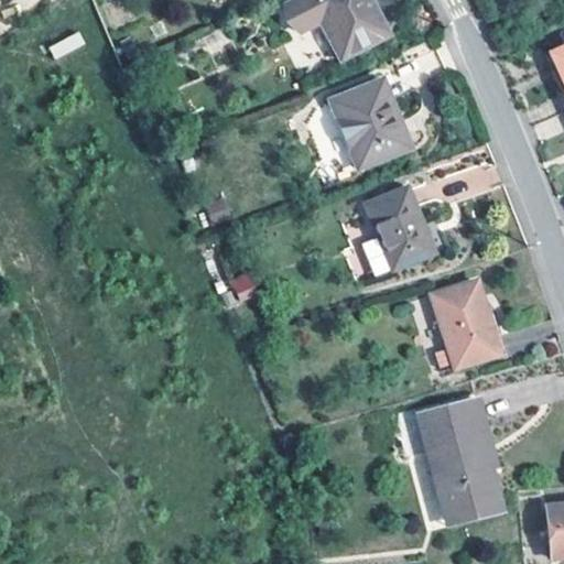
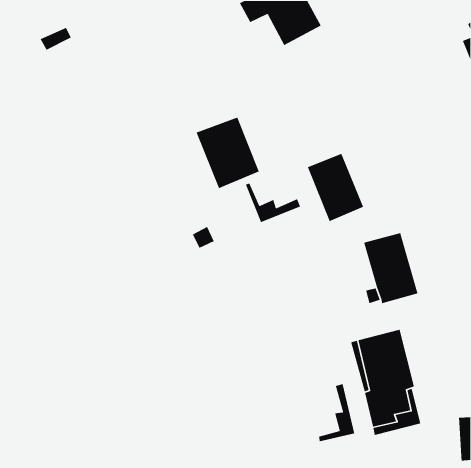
building: [332,78,409,165] -> [195,117,260,189]
building: none -> [245,183,301,223]
building: none -> [318,383,355,442]

